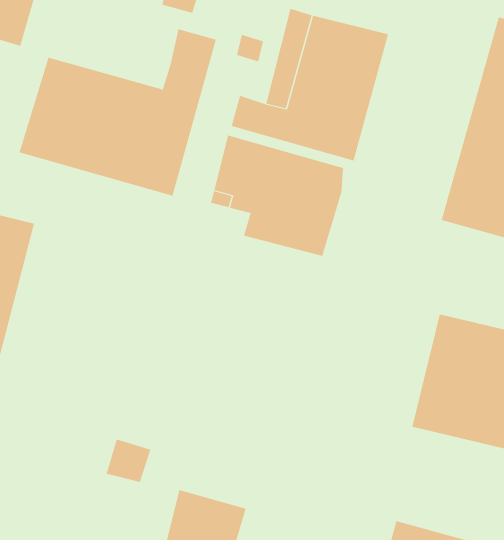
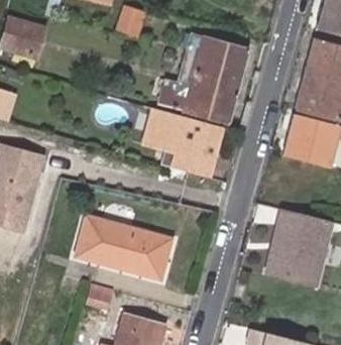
building: [19,29,216,197] -> none
building: none -> [78,215,173,279]

